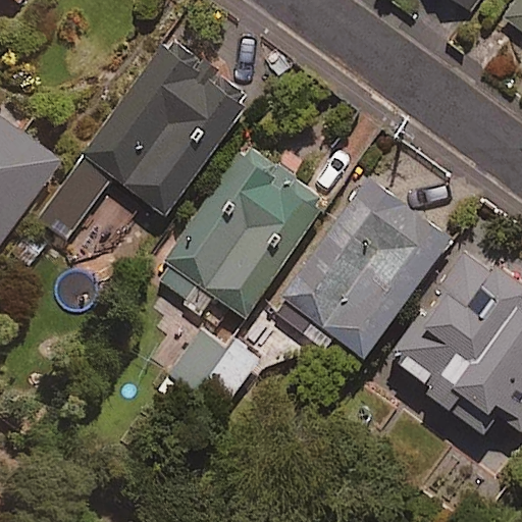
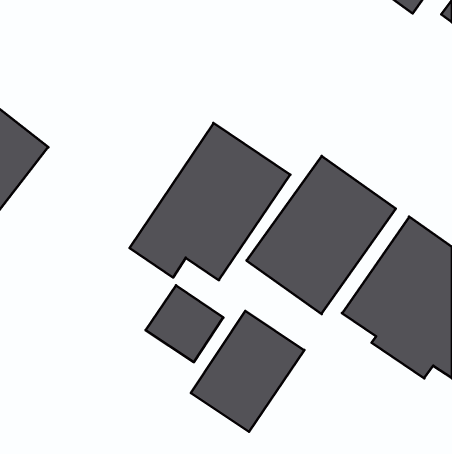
building: [42,38,251,233] -> none
building: none -> [191,311,304,432]

